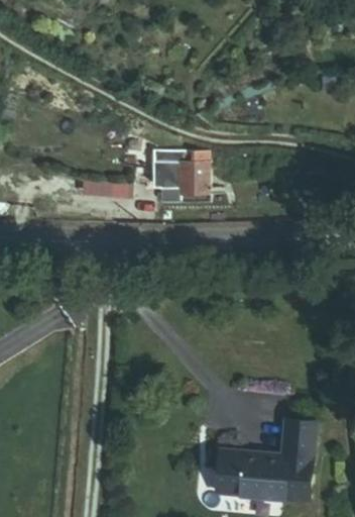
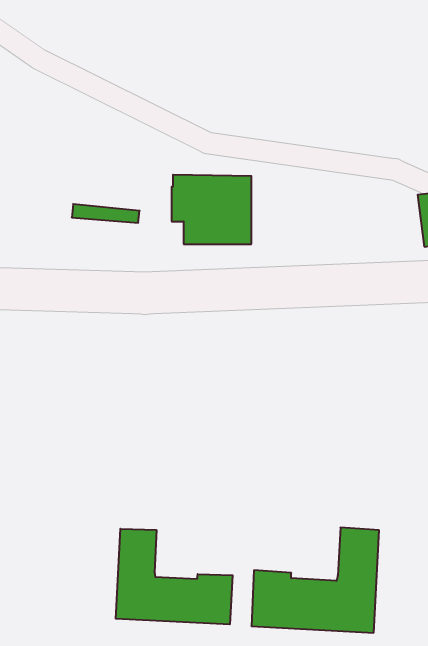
building: none -> [116,529,233,624]

